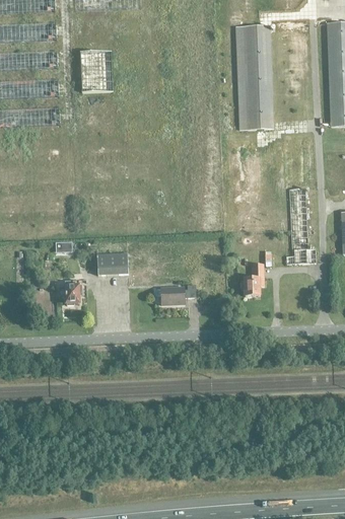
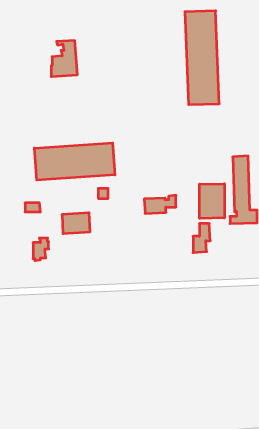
building: none -> [34,143,115,180]
building: none -> [200,184,224,218]
building: [160,284,196,304] -> [144,195,176,213]

